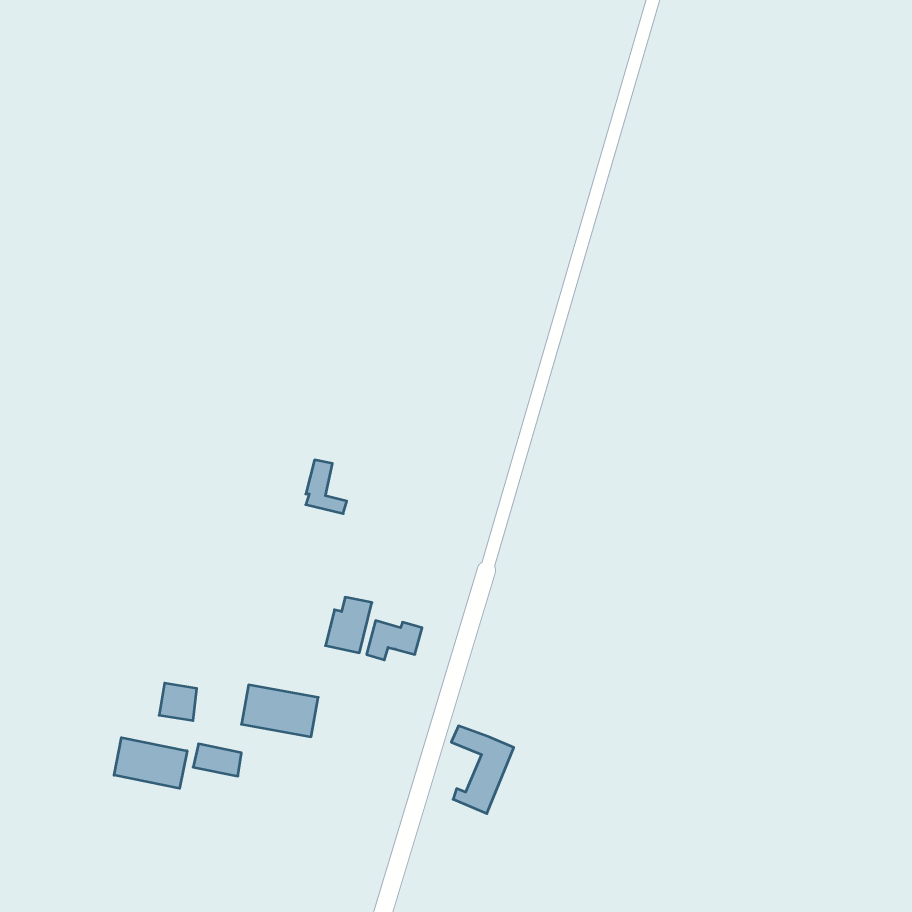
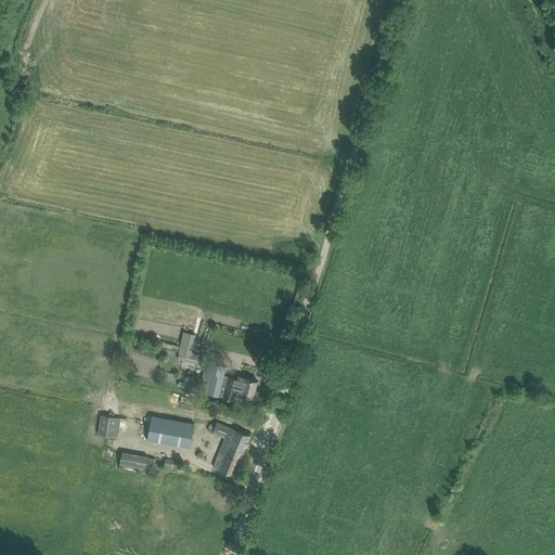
building: [306,460,347,514] -> [177,333,202,365]
building: [451,726,514,814] -> [211,423,249,476]
building: [114,738,187,788] -> none

